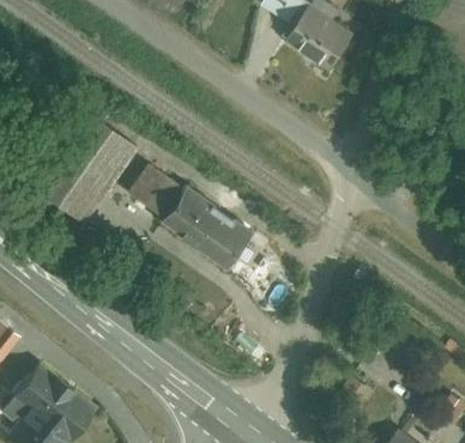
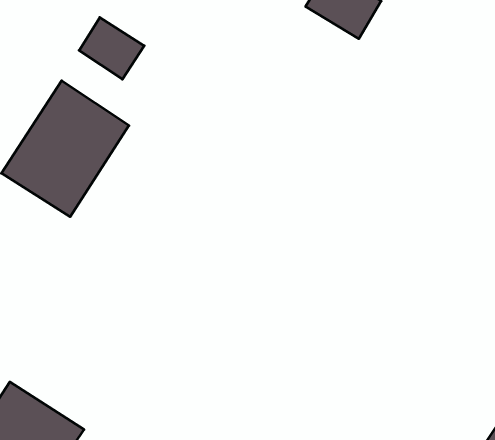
building: none -> [79,17,144,79]
building: [134,168,256,269] -> none

